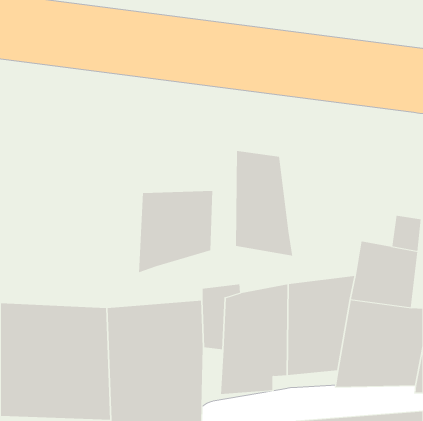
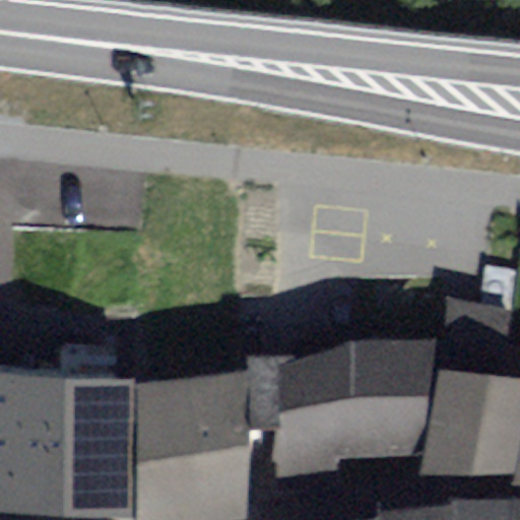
building: [236,150,293,256] -> none
building: [138,190,213,273] -> none

